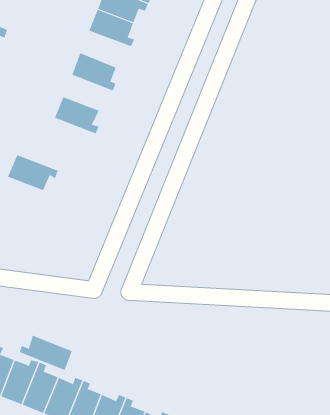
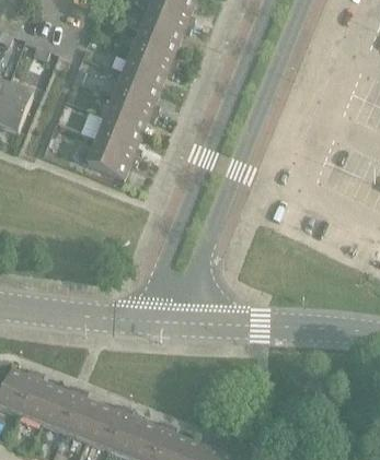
building: none -> [119,50,172,87]
building: none -> [102,95,153,131]
building: [7,154,59,191] -> [83,139,136,176]
building: [19,335,72,371] -> none

